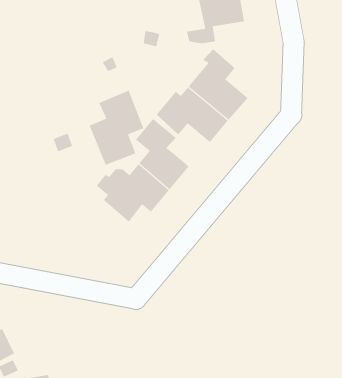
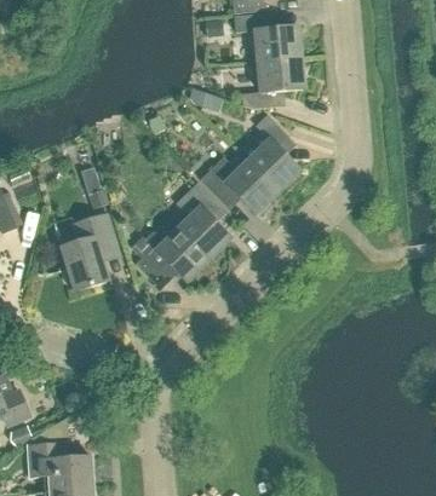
building: [89,90,144,165] -> [61,213,119,290]

